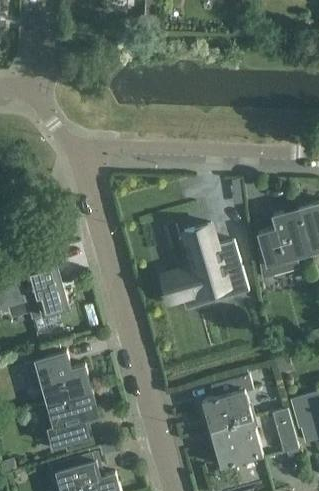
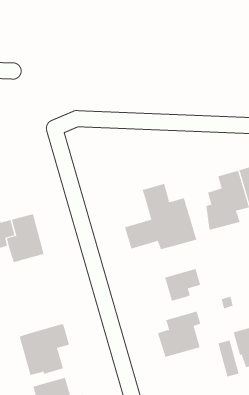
building: none -> [165,268,201,301]
building: [24,353,89,403] -> none
building: [211,419,263,468] -> none

